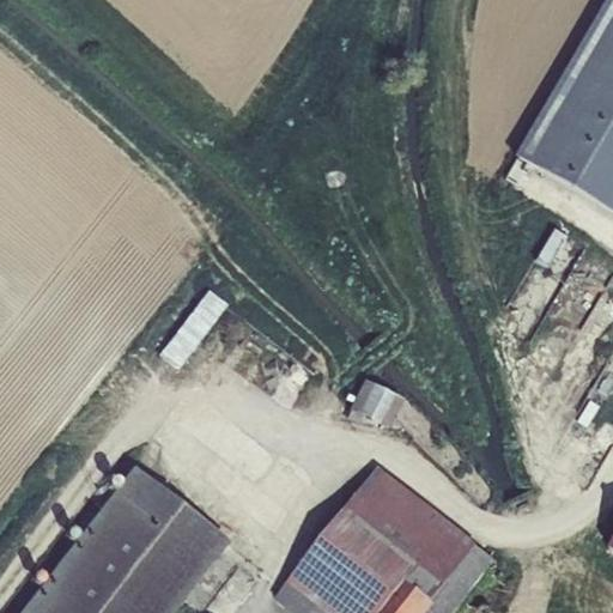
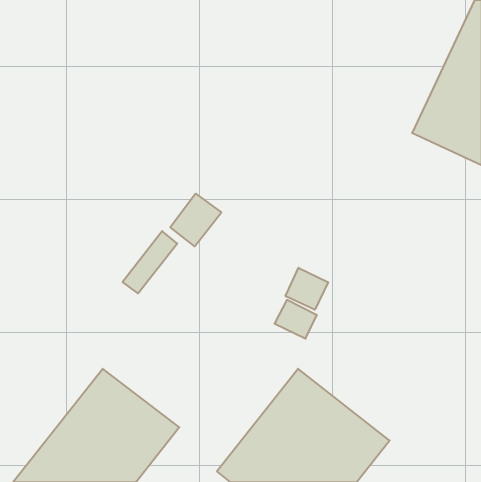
building: none -> [170,194,221,246]
building: none -> [286,268,328,310]

